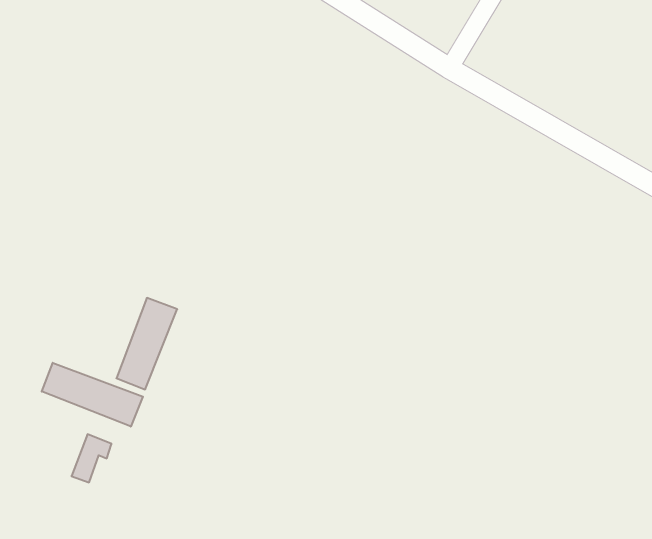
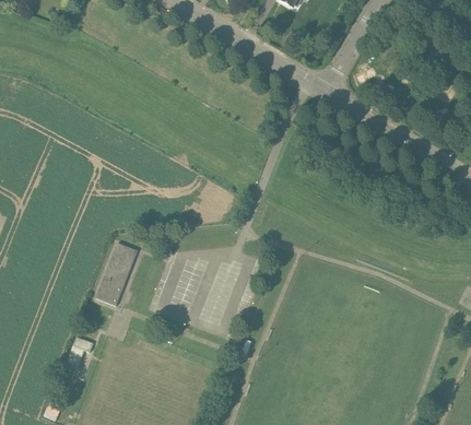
building: [42,363,143,427] -> none

